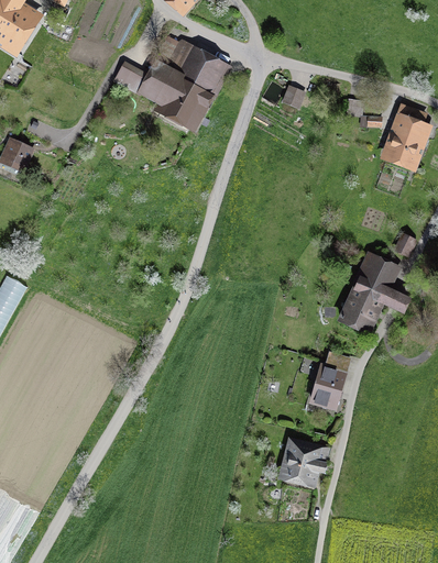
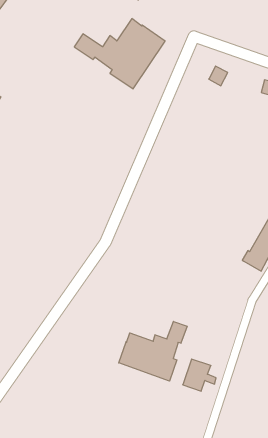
building: [311,363,343,407] -> none
building: none -> [119,321,187,381]

